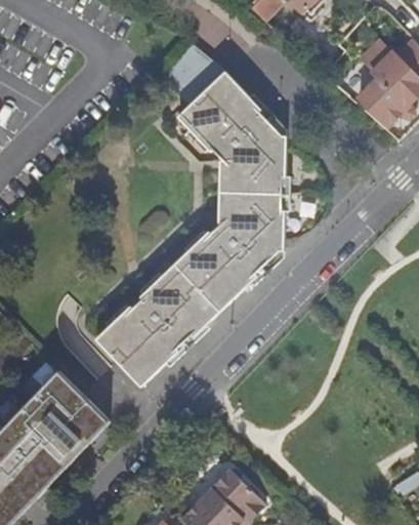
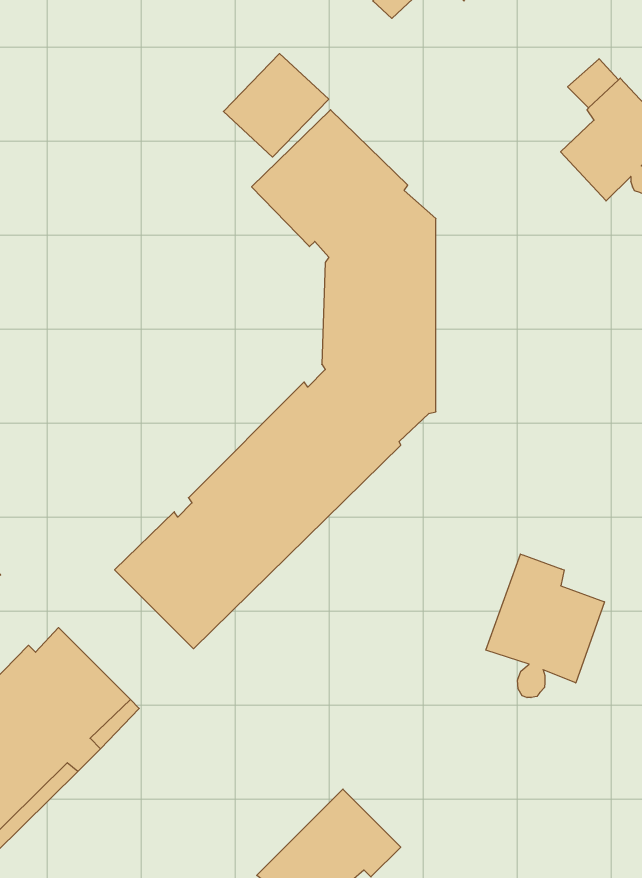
building: none -> [486,554,604,698]

